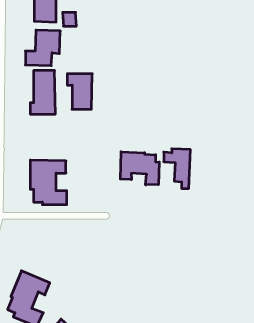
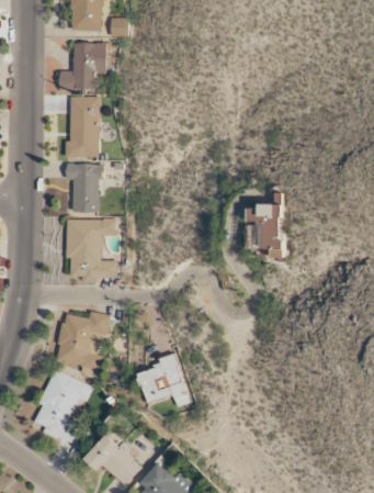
building: [67,74,92,109] -> [66,164,100,212]
building: [120,152,159,185] -> none
building: none -> [56,311,107,376]
building: none -> [137,354,189,406]

